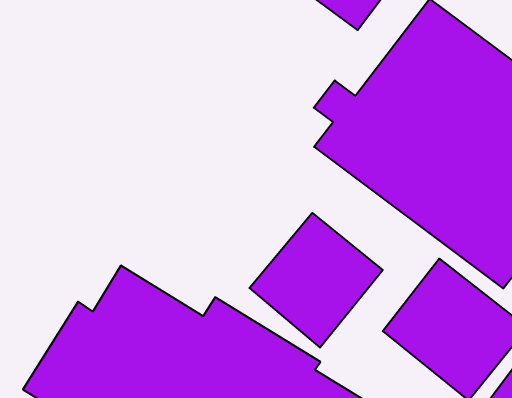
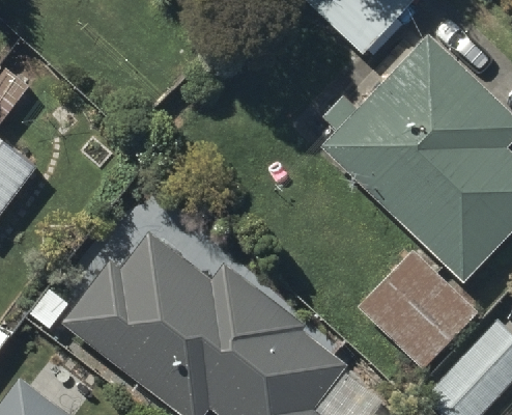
building: [249,213,383,348] -> none

